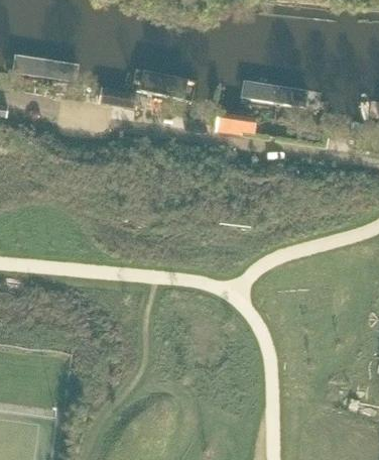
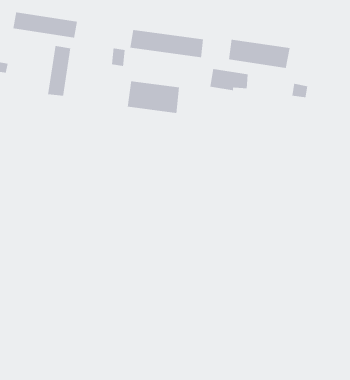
building: none -> [48,45,71,97]
building: none -> [127,81,180,114]

